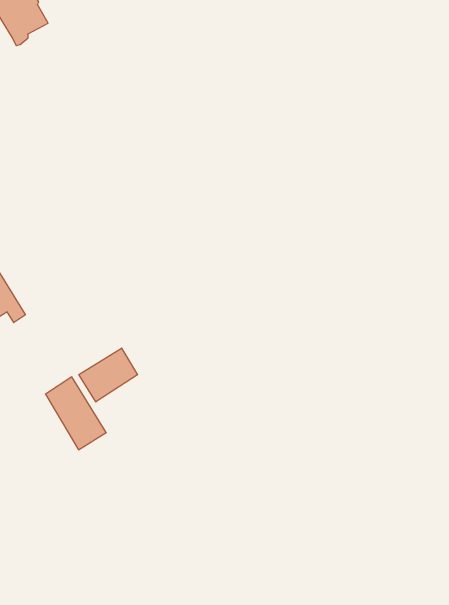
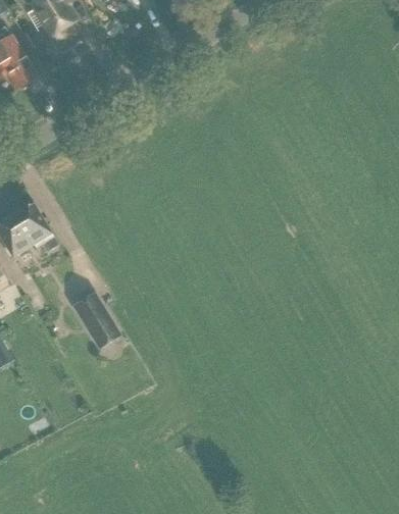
building: [79,348,138,402] -> none

